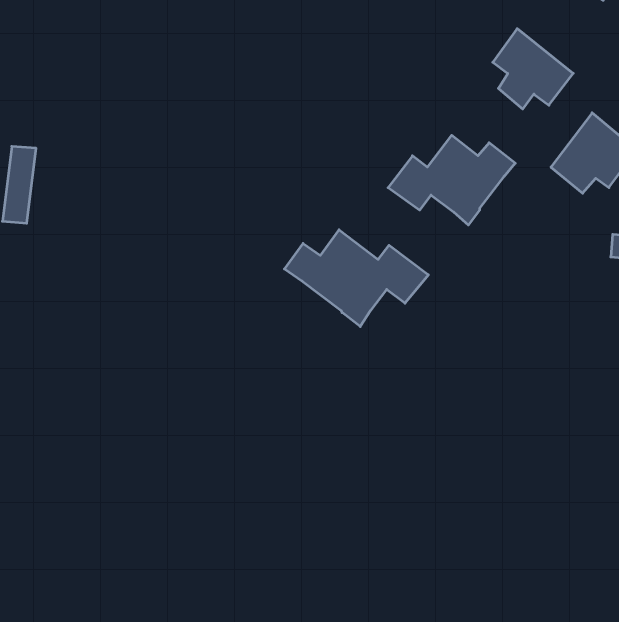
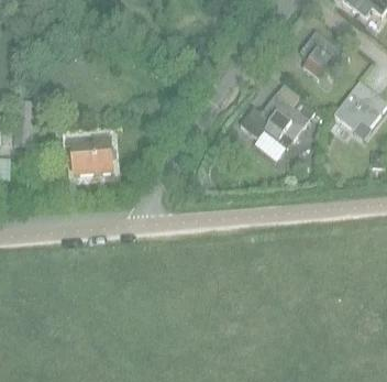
building: none -> [73,134,112,173]
building: [284,230,428,327] -> none

